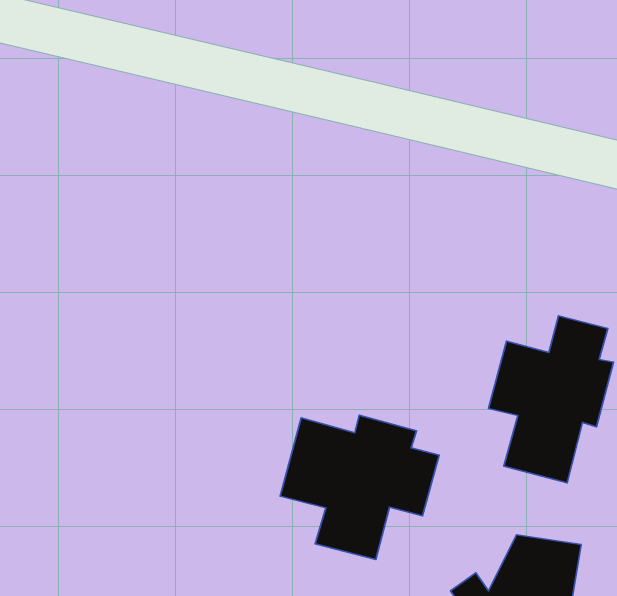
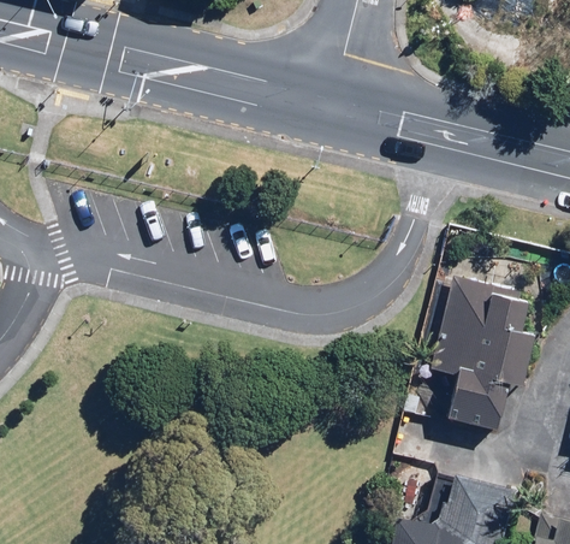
building: [280,415,439,560] -> none

